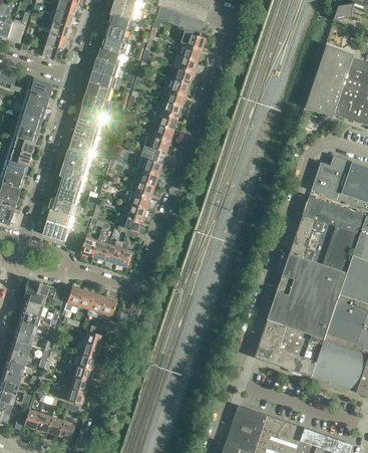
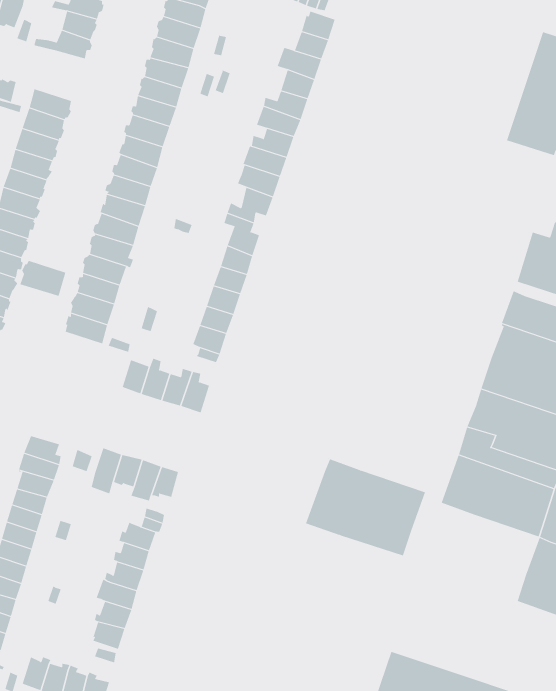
building: [43,220,70,241] -> [20,260,66,297]
building: [254,319,324,377] -> [305,458,426,556]

